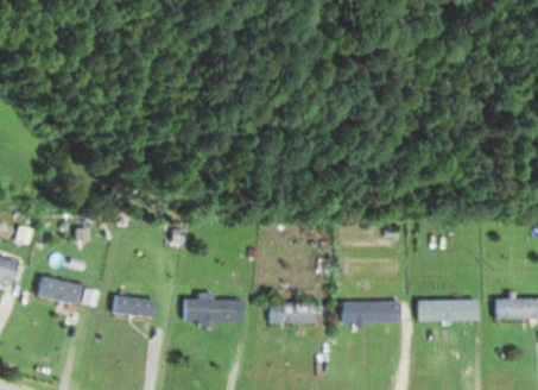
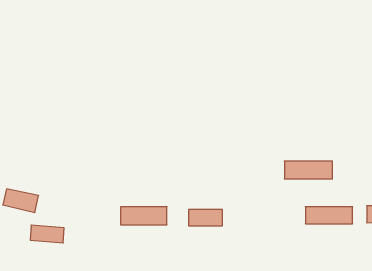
building: [113,296,156,319] -> [30,225,64,243]
building: [341,301,401,323] -> [284,161,332,179]

